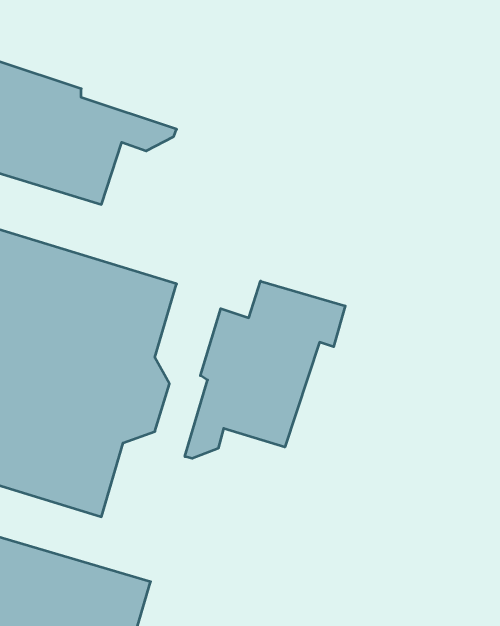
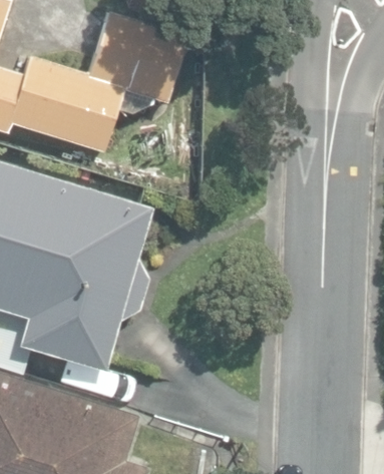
building: none -> [88,15,184,103]
building: [185,281,345,458] -> none

